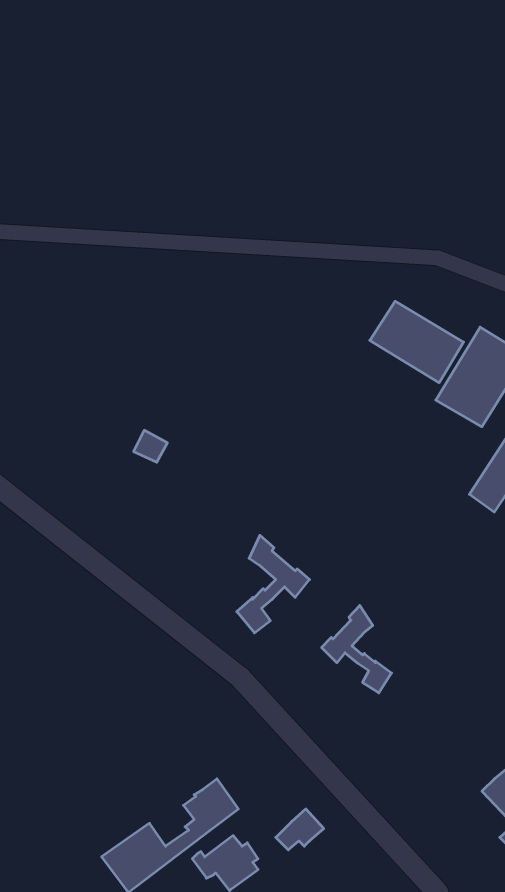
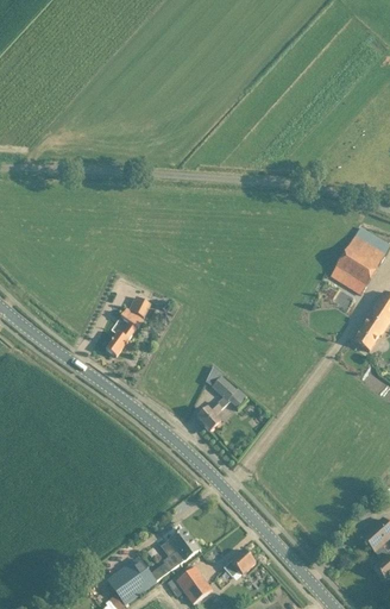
building: [370,301,464,383] -> none
building: none -> [106,307,143,356]
building: [322,605,392,693] -> none

